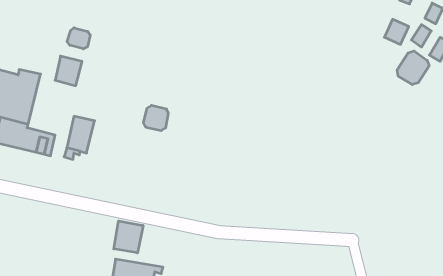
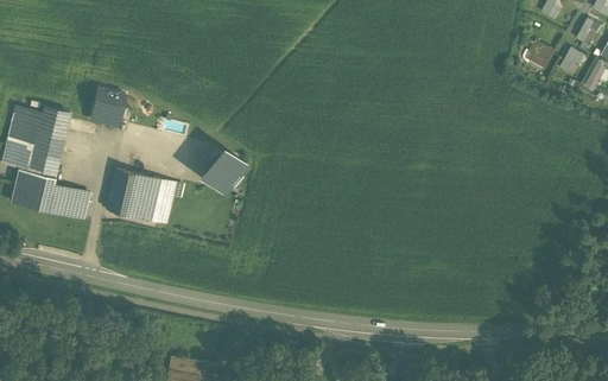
building: [67,28,90,49] -> none
building: [397,51,429,85] -> none
building: none -> [132,173,171,222]
building: [114,221,143,253] -> none

